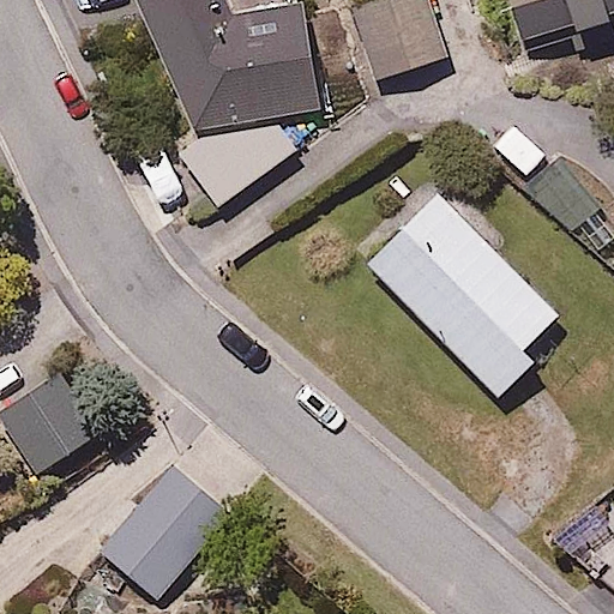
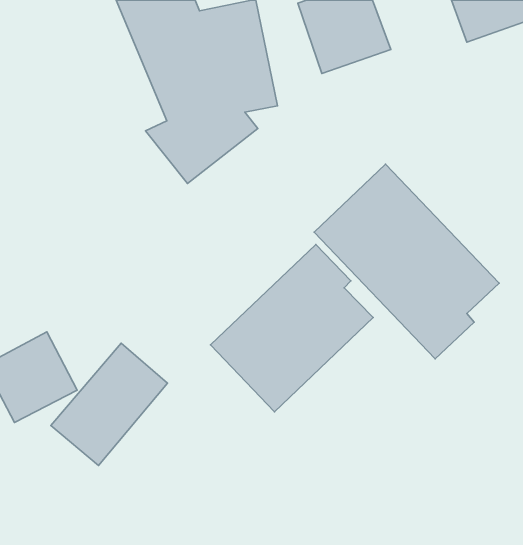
building: none -> [210,245,373,412]
building: [106,463,235,598] -> [51,343,168,465]

